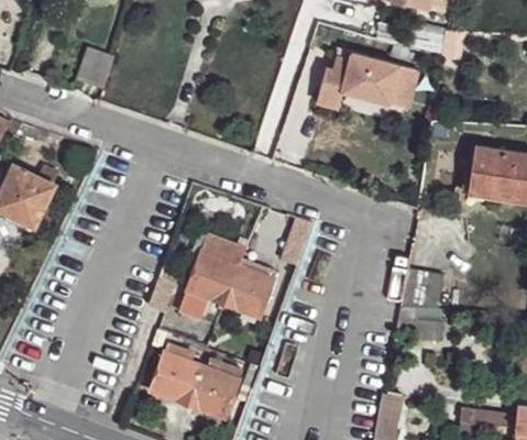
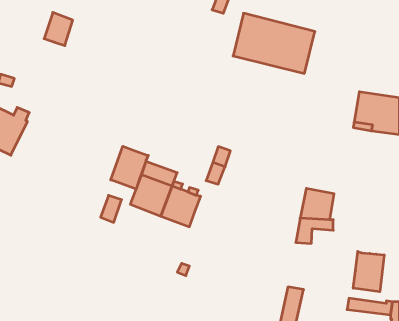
building: none -> [111,146,148,189]
building: [151,342,243,417] -> none
building: none -> [353,251,384,292]

